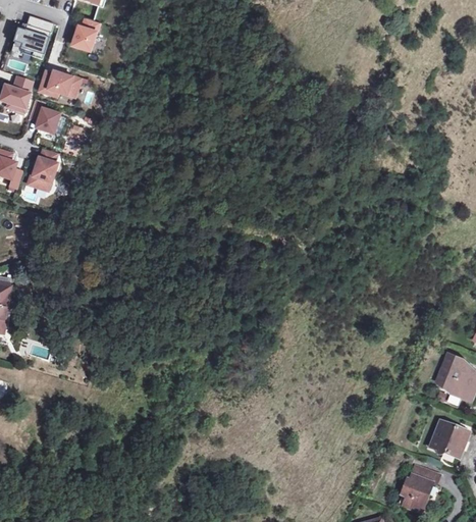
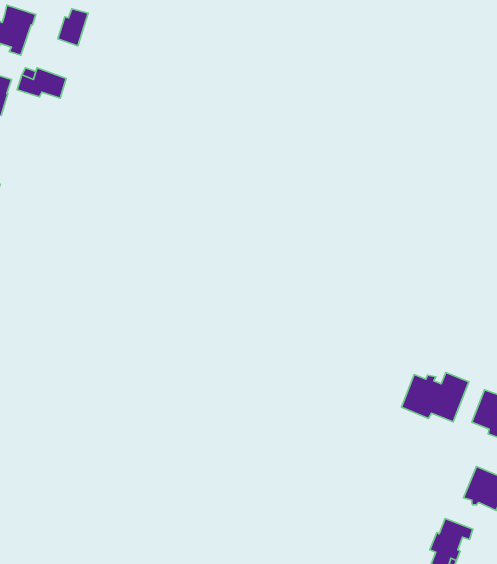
building: [29,99,61,133] -> none
building: [29,148,58,190] -> none
building: none -> [401,372,469,422]

